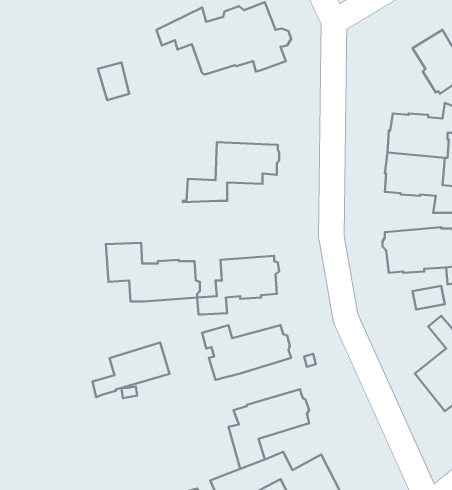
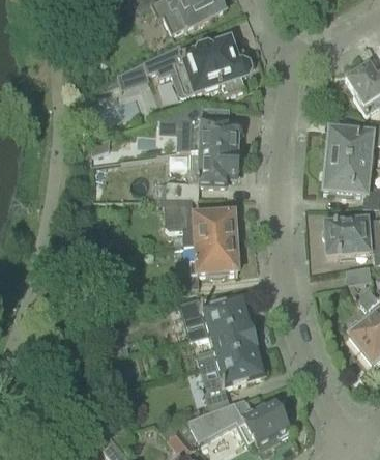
building: none -> [170,104,243,152]
building: [106,243,200,302] -> [165,197,239,243]
building: [92,342,169,397] -> [197,321,258,365]

